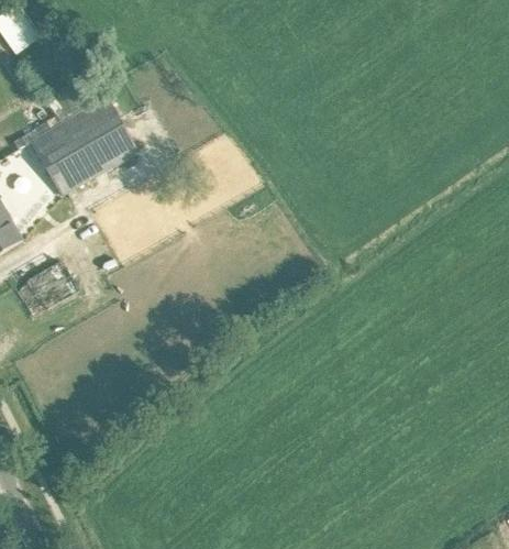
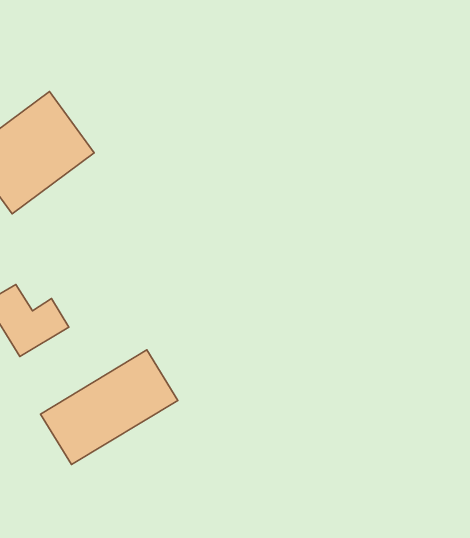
building: none -> [41,350,178,464]

